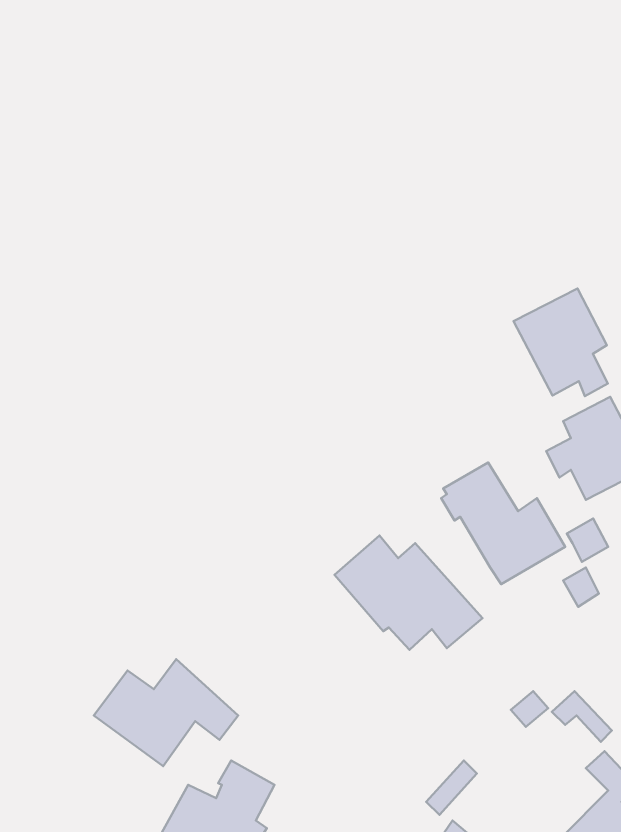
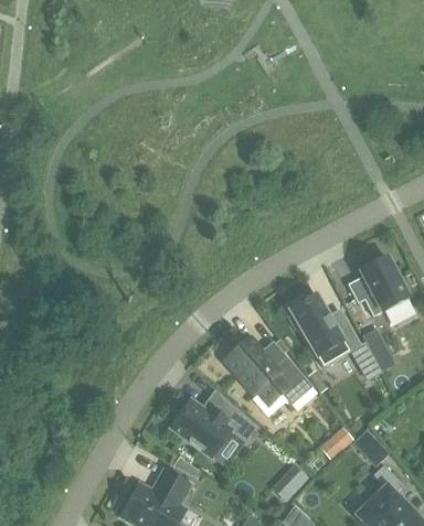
building: [513,289,608,396] -> none
building: [94,659,238,766] -> [170,394,255,457]

